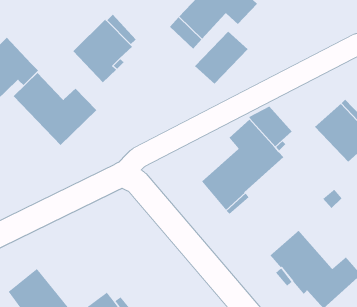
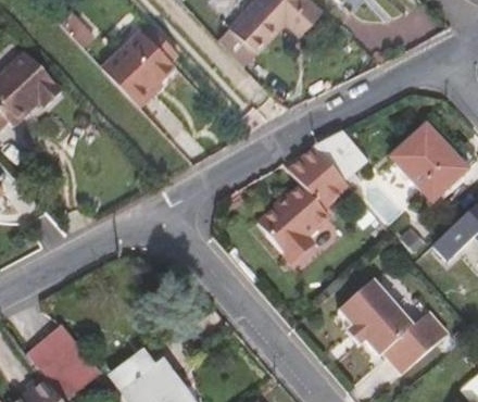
building: [194,31,249,85] -> none
building: [13,72,97,146] -> none

